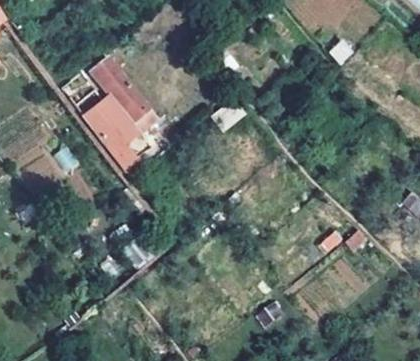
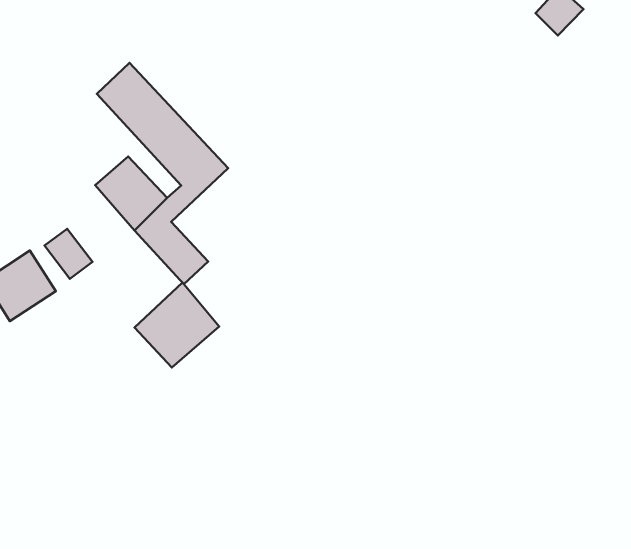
building: none -> [135,282,219,367]

